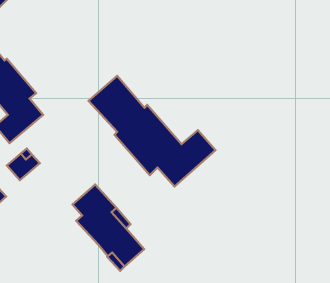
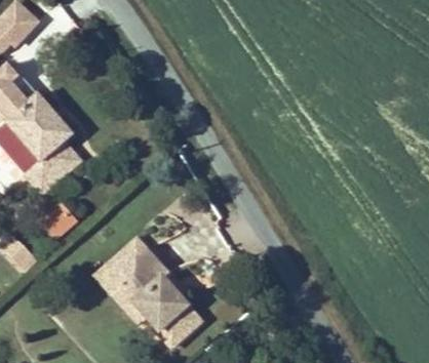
building: [88,76,215,186] -> none
building: none -> [94,237,146,322]

